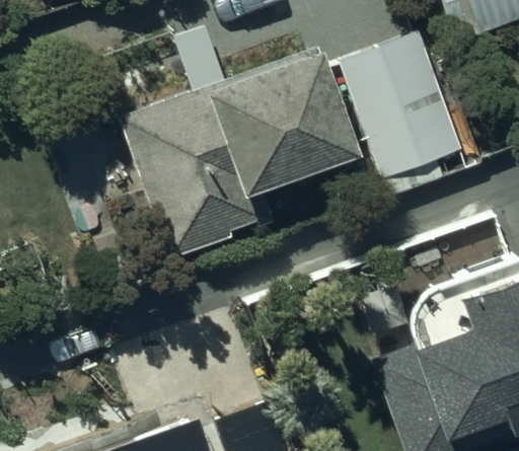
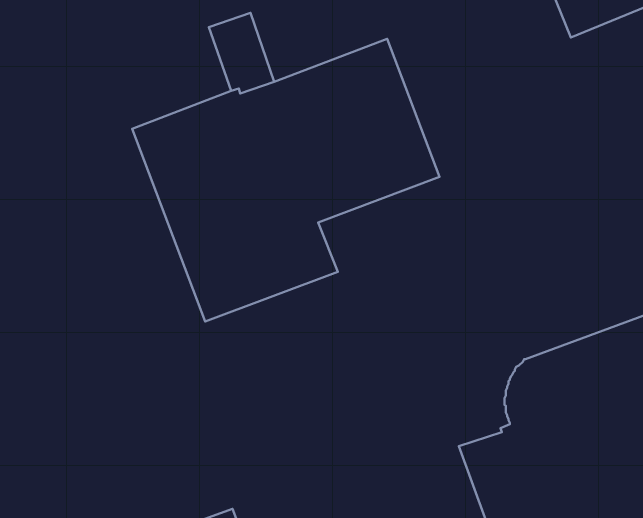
building: [341,31,465,201] -> none

